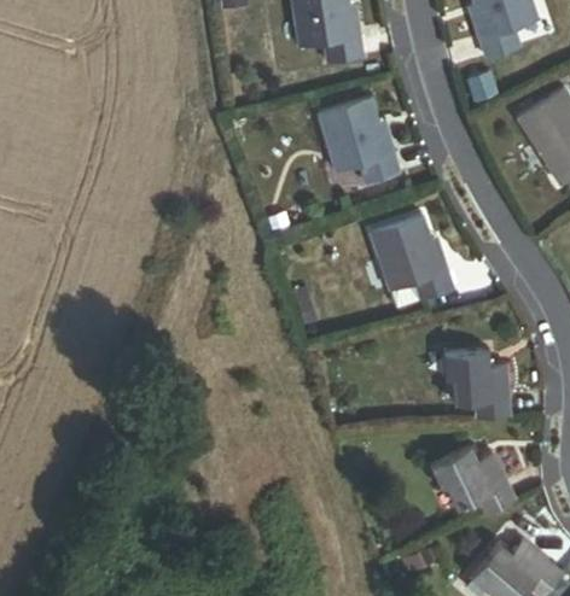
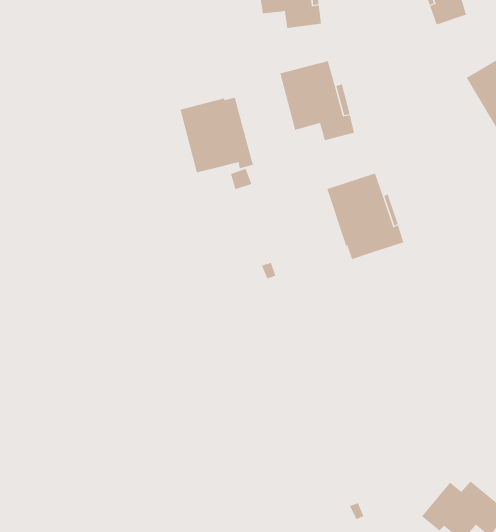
building: none -> [180,97,253,173]
building: [442,347,510,419] -> none
building: [429,448,514,515] -> none

